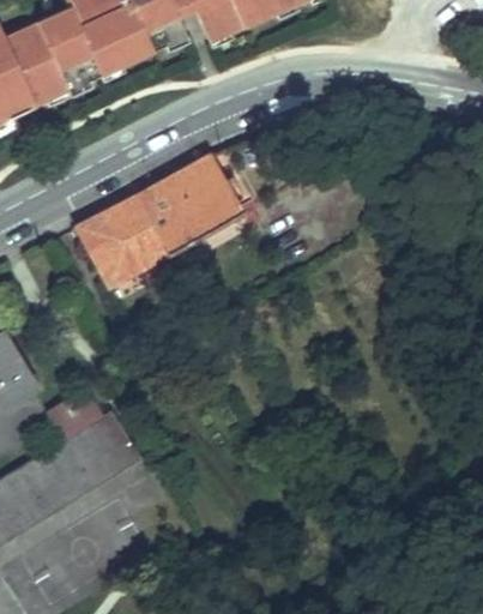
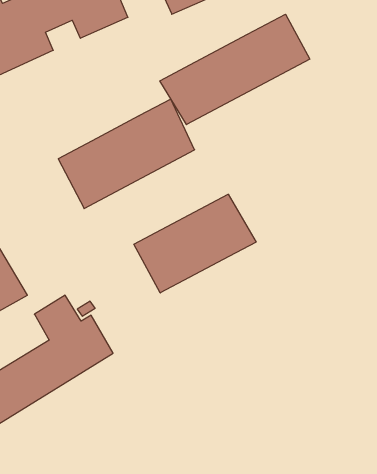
building: none -> [160,14,310,125]
building: none -> [134,194,256,293]

